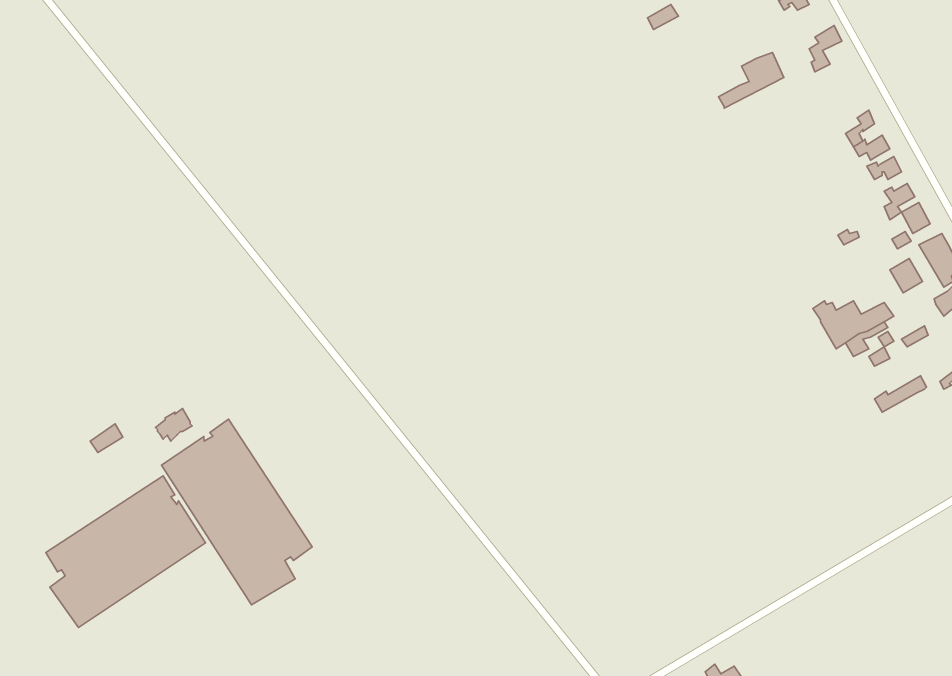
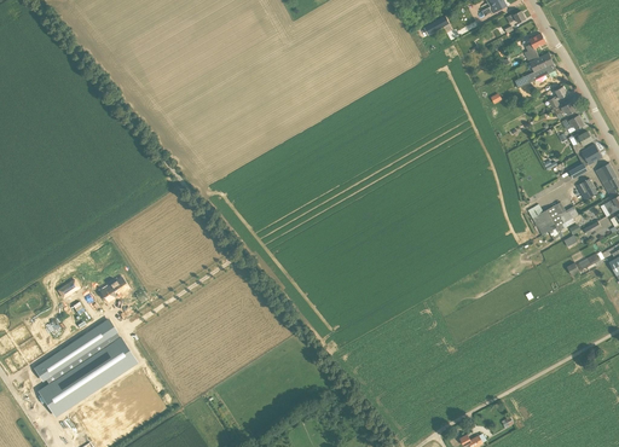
building: [719,53,784,108] -> [513,53,554,88]
building: [161,419,312,605] -> none

